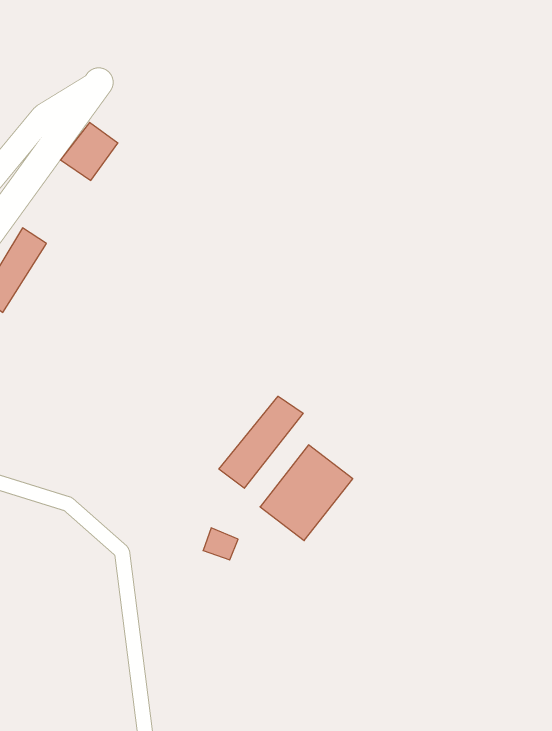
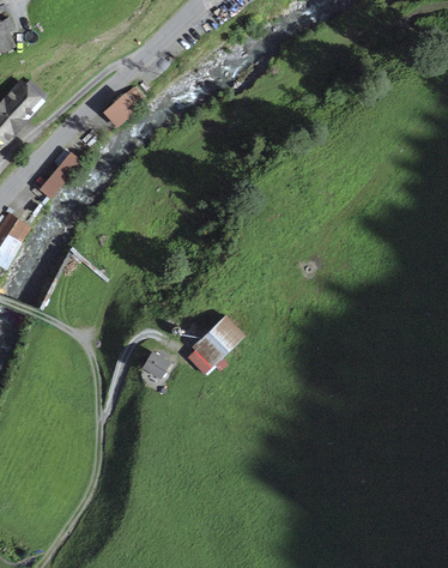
building: [219,396,303,488] -> none

